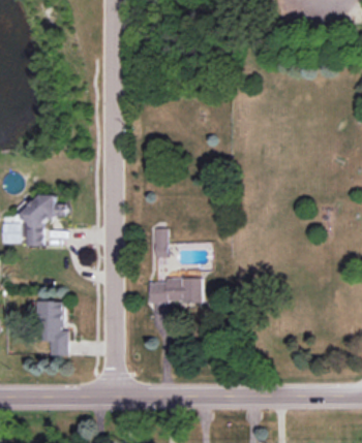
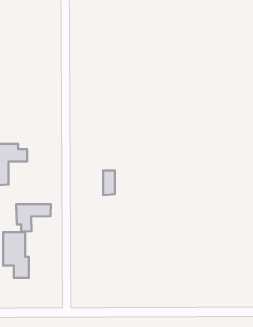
building: none -> [16,204,51,231]
building: [149,278,203,303] -> none

